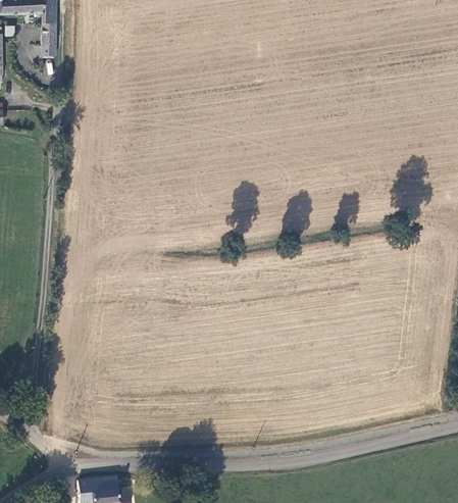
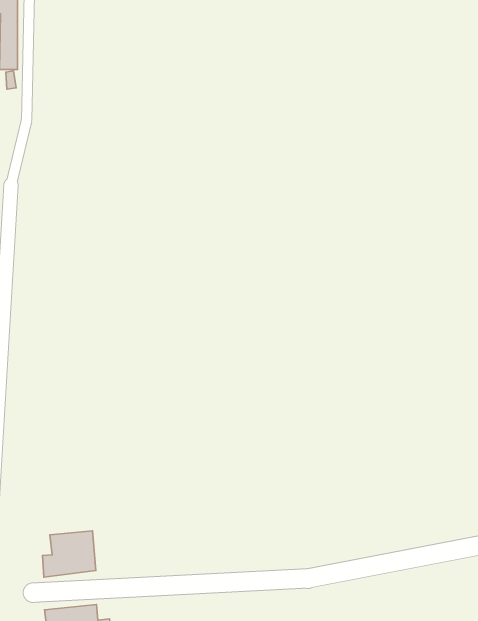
building: none -> [42,531,96,577]

